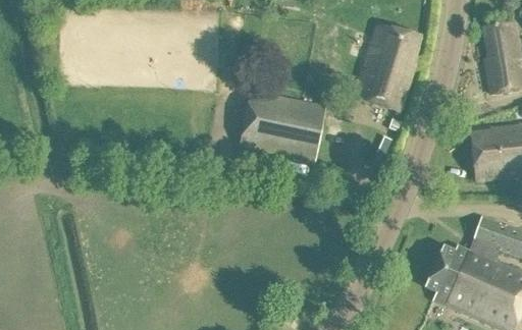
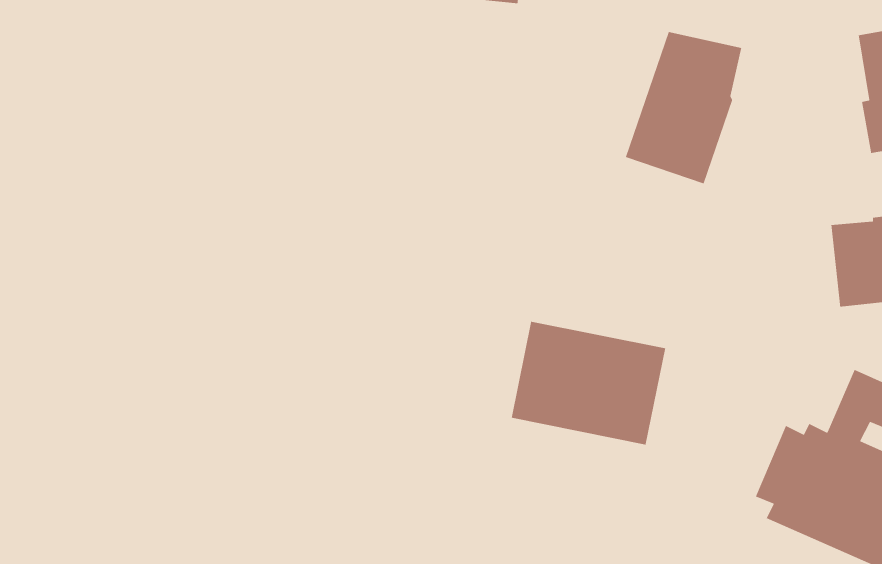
building: [240,90,327,160] -> [511,321,666,445]

